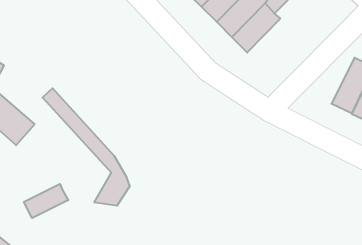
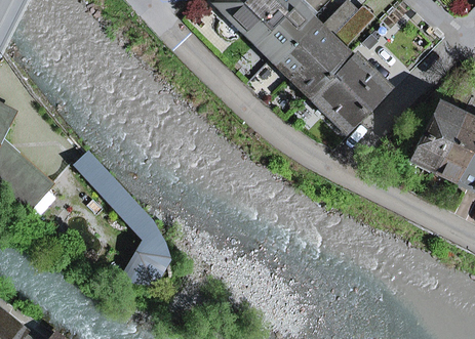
building: none -> [310,52,388,131]
building: [24,184,68,218] -> none

